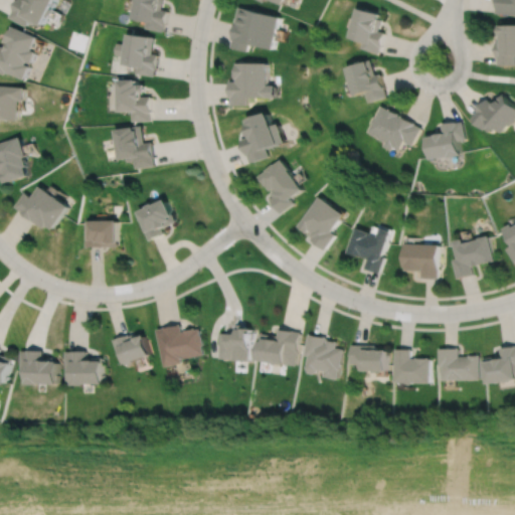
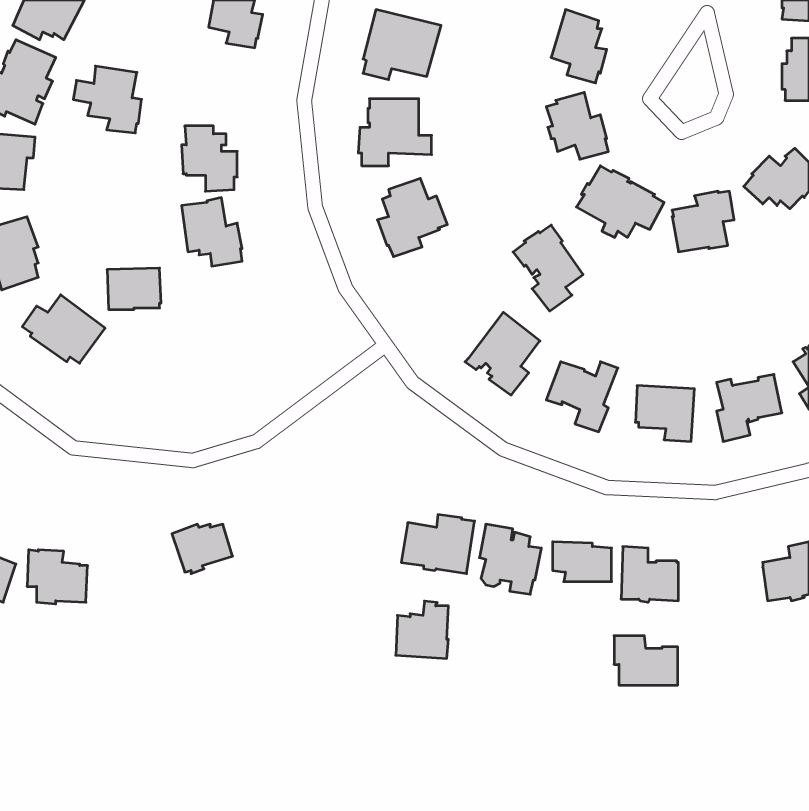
building: [113,34,156,76] -> [73,66,142,133]
building: [255,161,300,215] -> [513,225,583,311]
building: [138,202,175,242] -> none
building: [83,223,118,249] -> [107,268,161,309]
building: [153,323,200,365] -> none
building: [216,323,249,359] -> [396,601,448,658]
building: [437,347,477,378] -> [614,636,678,685]
building: [62,350,101,383] -> none

